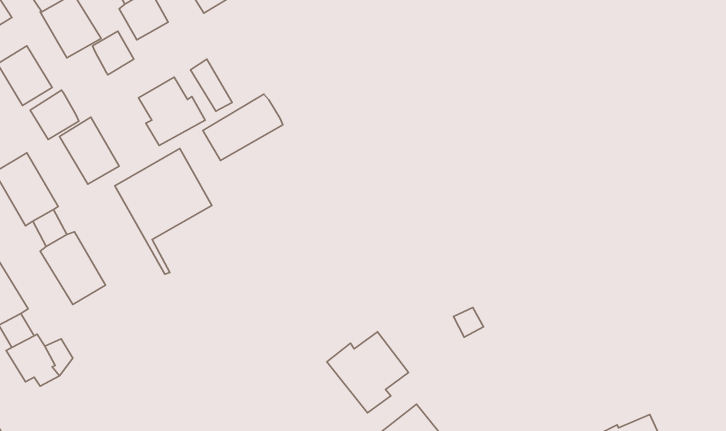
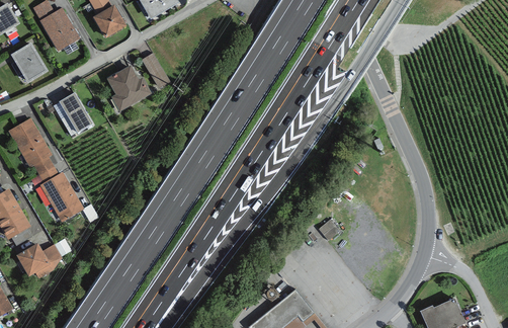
building: [92,31,134,75] -> none
building: [30,90,79,140] -> none
building: [203,94,283,160] -> none
building: [115,149,212,274] -> none
building: [327,332,409,413] -> none

